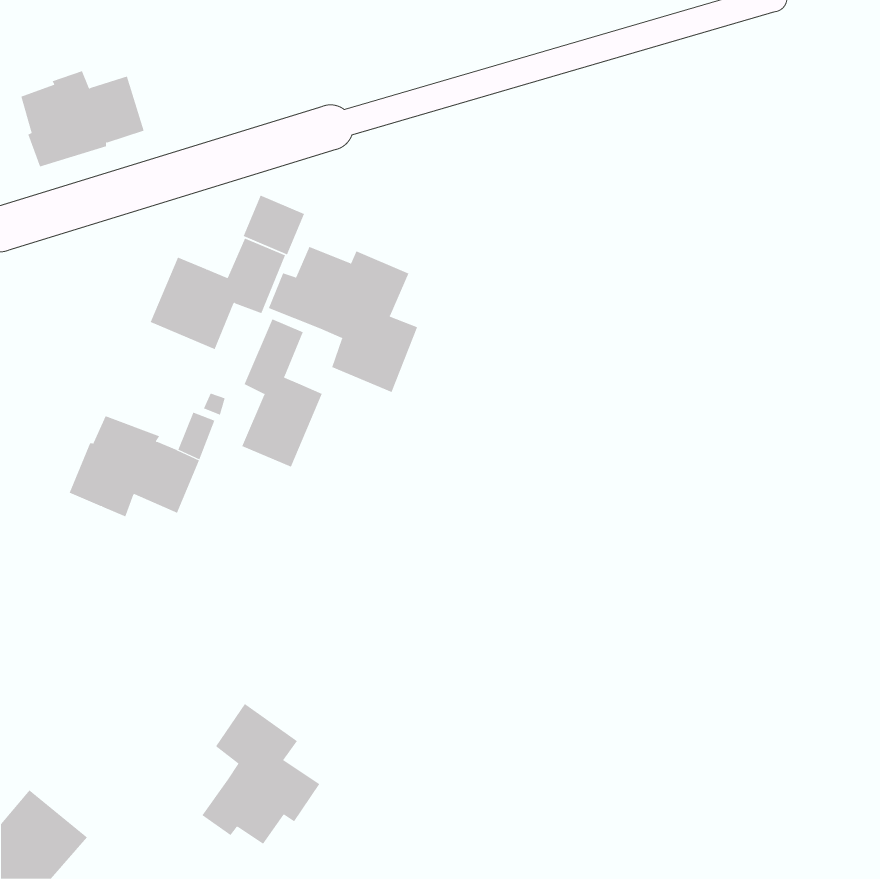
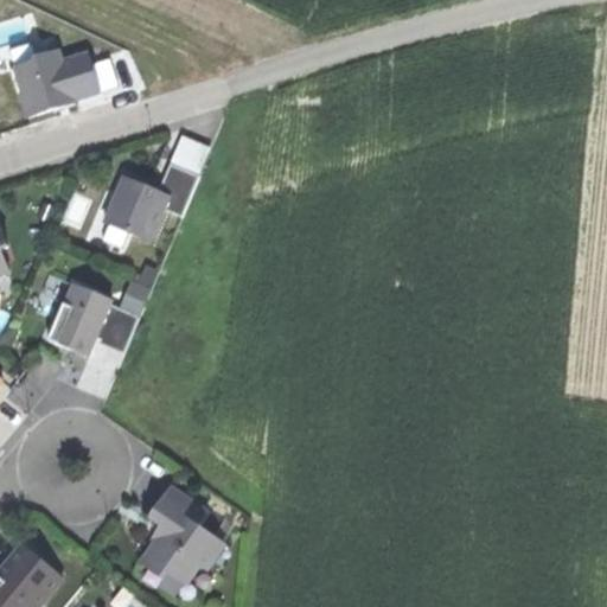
building: [268,246,418,393] -> none
building: [241,318,323,468] -> none

